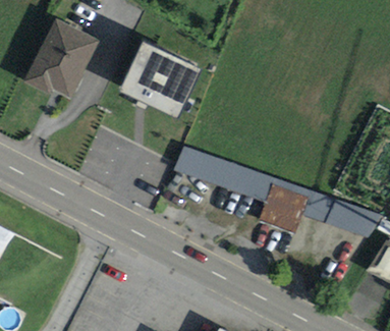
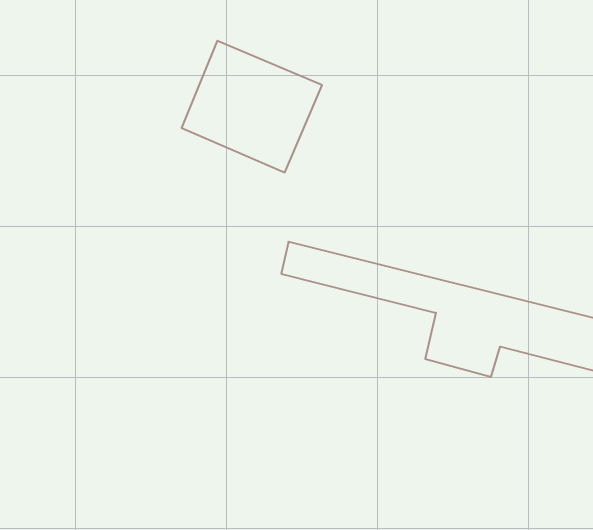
building: [35,23,92,88] -> none

